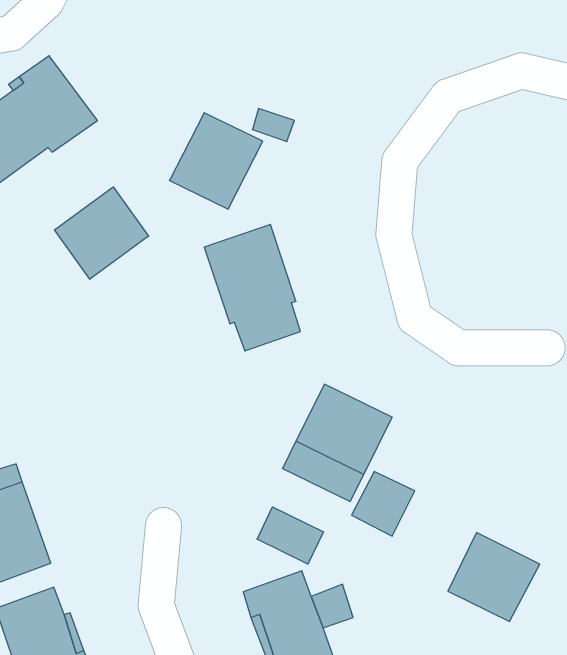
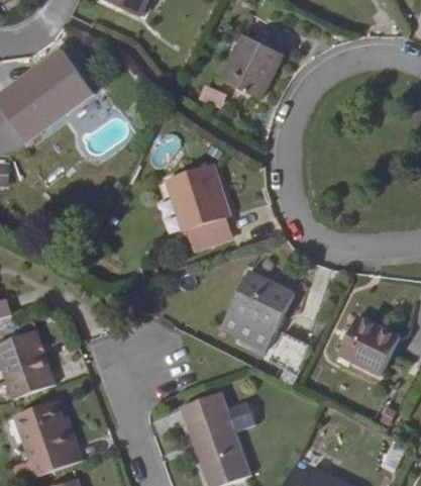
building: [169,113,263,209] -> [216,32,279,97]
building: [54,187,149,279] -> none
building: [257,507,323,564] -> none
building: [448,533,540,621] -> [334,313,396,373]

